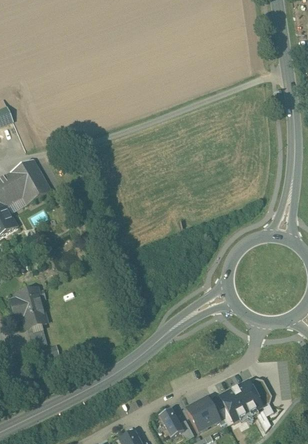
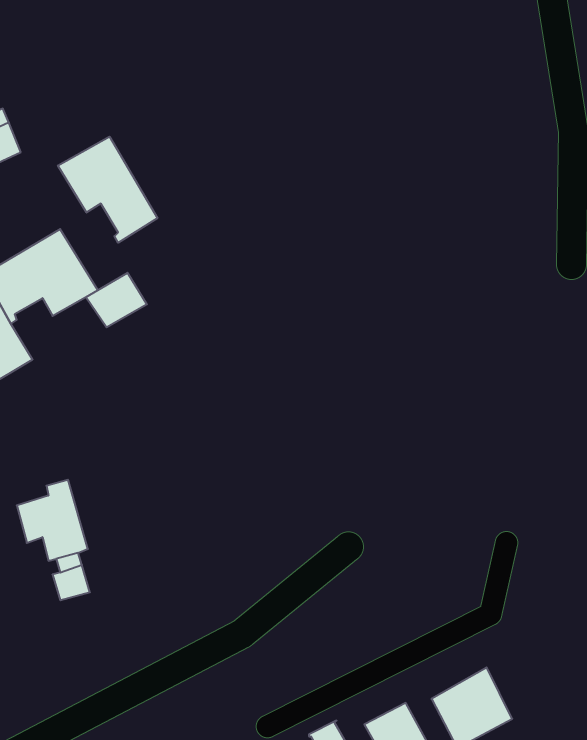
building: none -> [58,137,157,243]
building: none -> [86,273,147,327]

